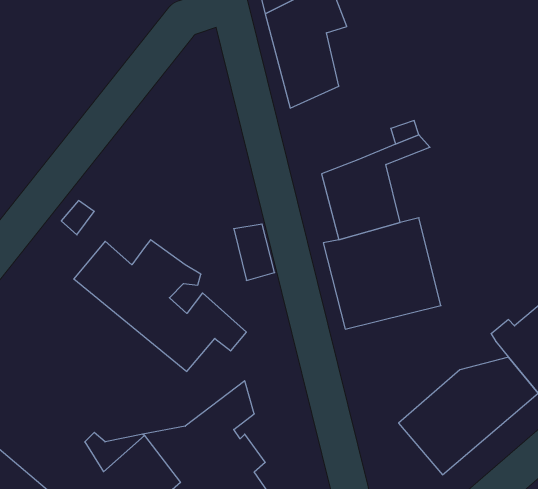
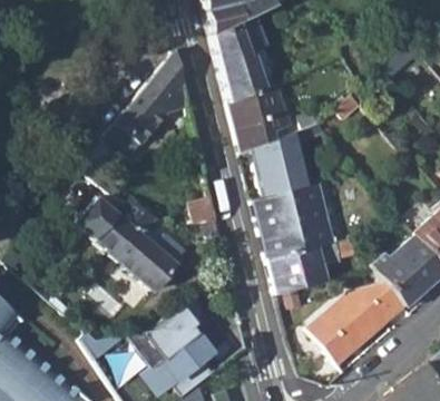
building: none -> [104,52,190,160]
building: none -> [229,84,291,154]
building: none -> [268,239,364,293]

